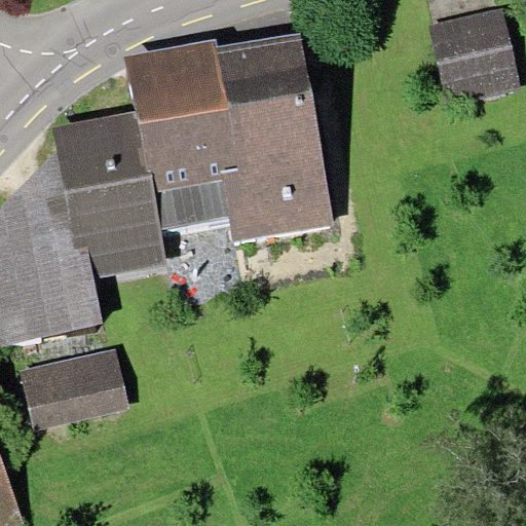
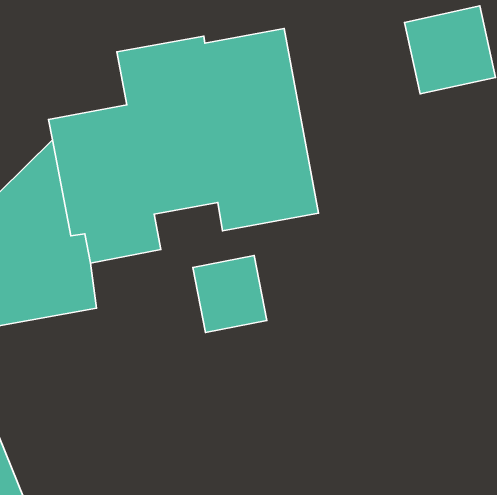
building: none -> [193,255,267,332]
building: [20,348,128,431] -> none

